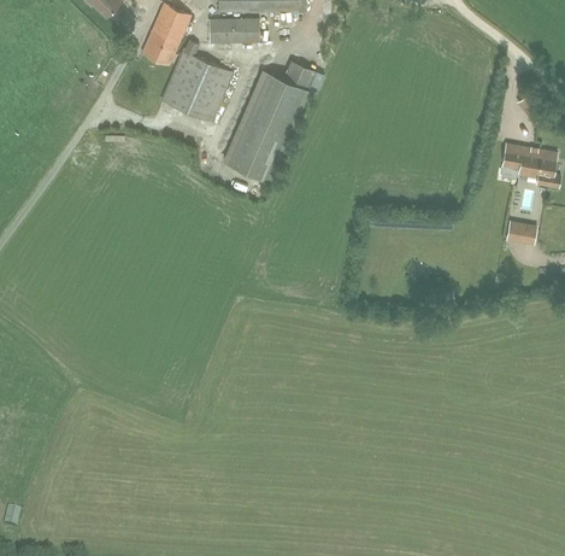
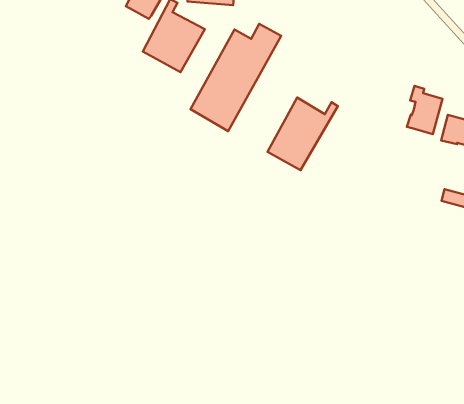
building: none -> [407,86,443,134]
building: none -> [267,97,338,170]

